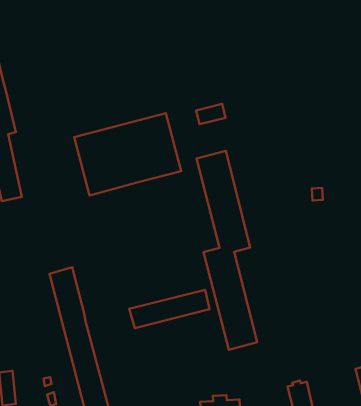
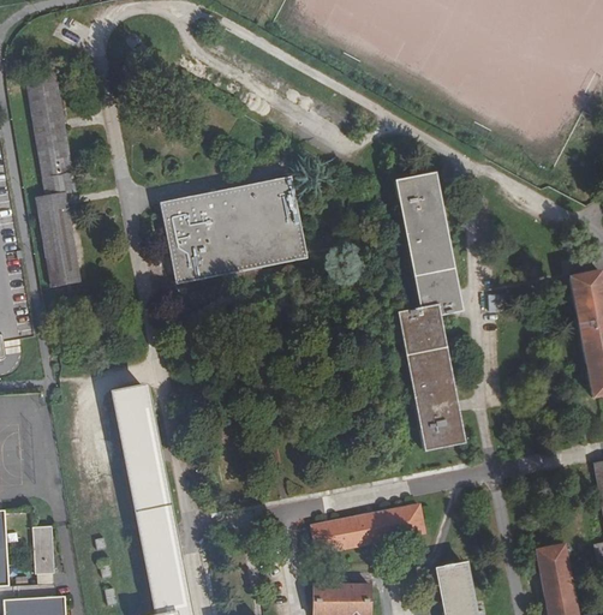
building: [196,104,225,124] -> none
building: [196,151,257,350] -> [393,172,464,452]
building: [129,290,210,328] -> [311,504,424,553]

